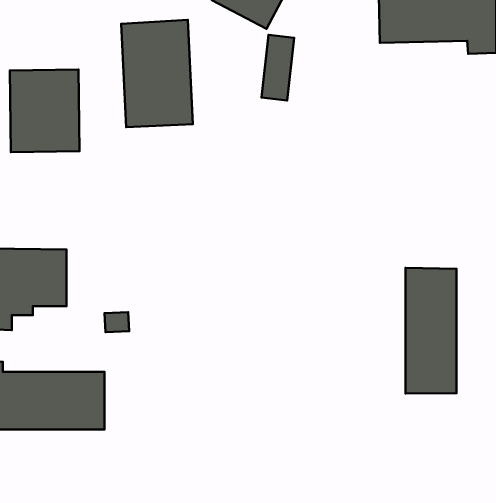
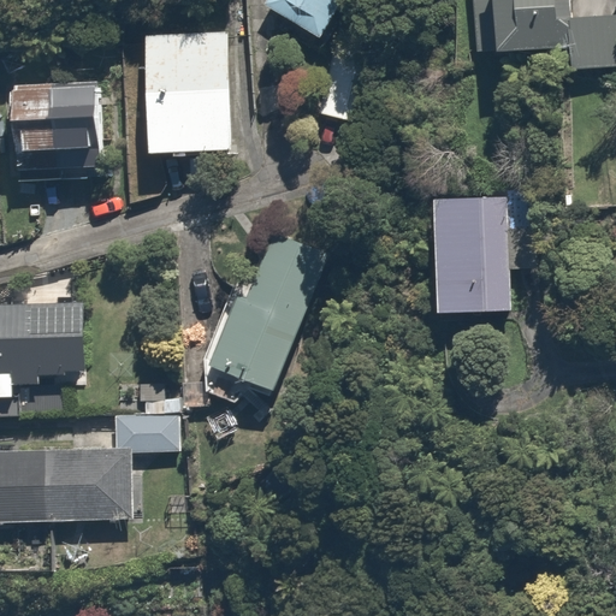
building: none -> [436,192,507,316]
building: none -> [190,232,334,405]
building: [406,268,457,394] -> none
building: none -> [101,414,172,450]

